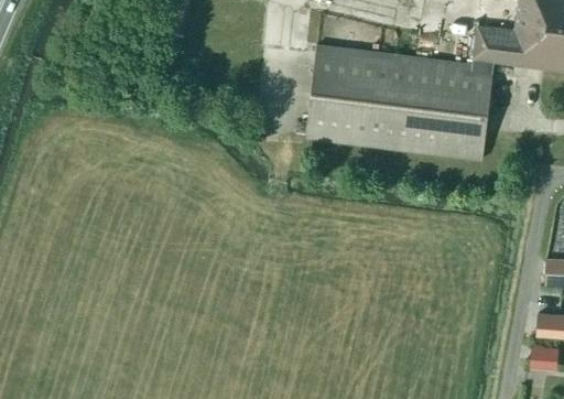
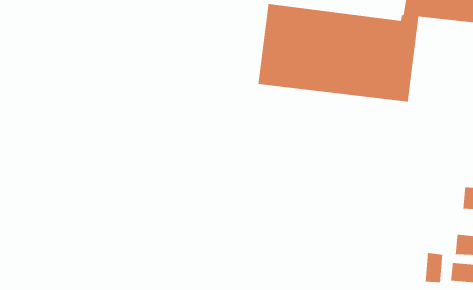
building: none -> [425,252,443,283]

